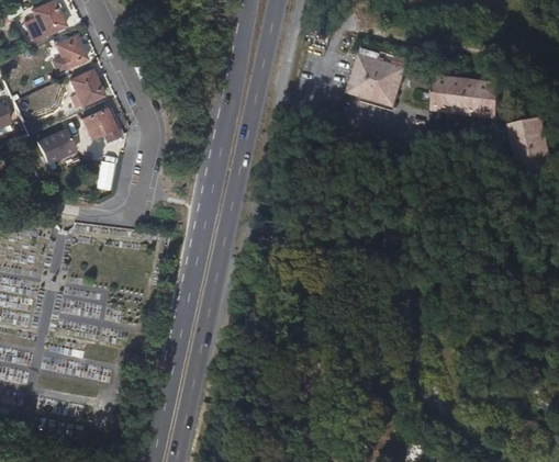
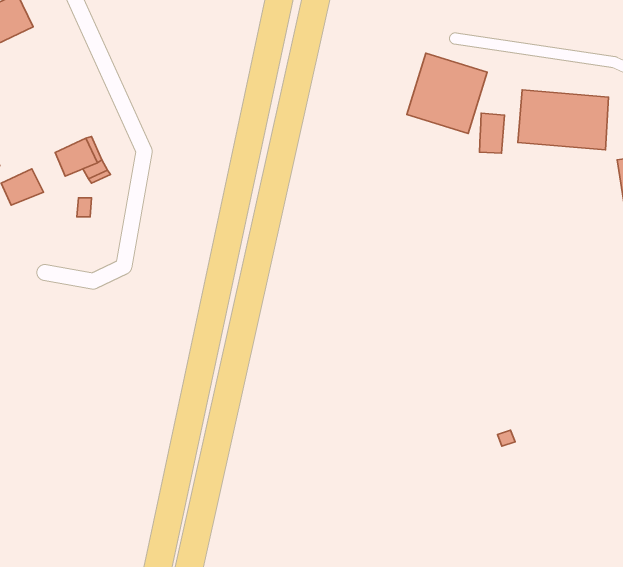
building: [54,35,86,68] -> none
building: [69,69,103,104] -> none
building: none -> [479,113,505,153]

